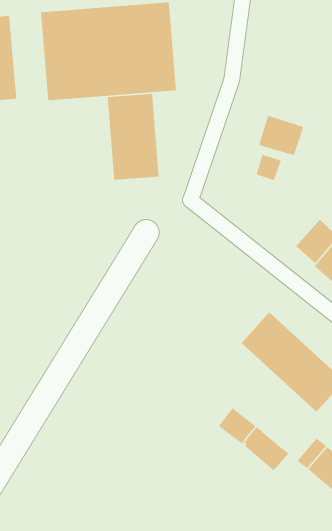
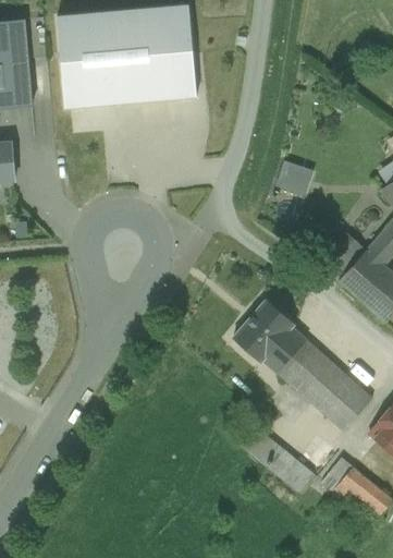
building: [107,93,160,181] -> none
building: [258,115,304,156] -> none
building: none -> [233,299,295,362]

